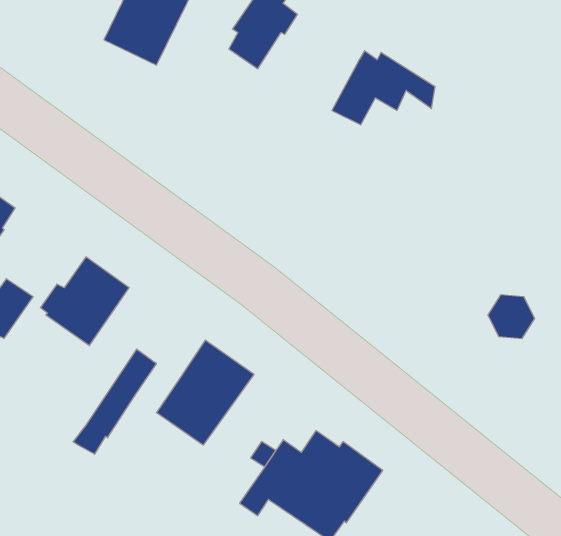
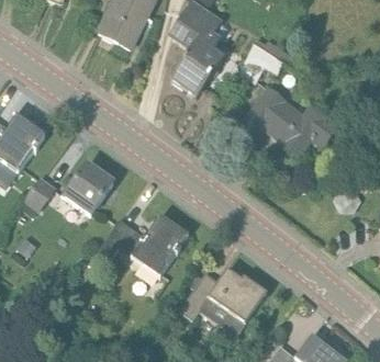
building: none -> [171,26,224,95]
building: none -> [239,87,339,155]

